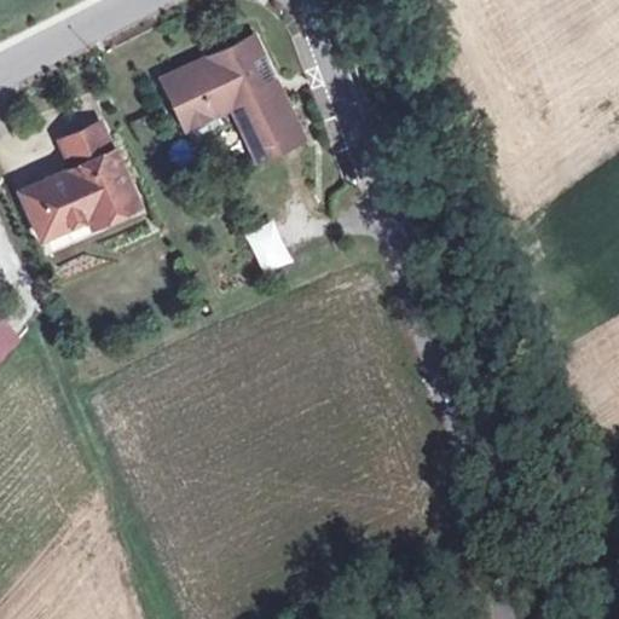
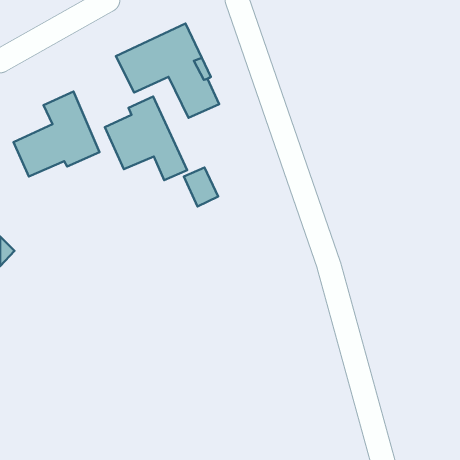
building: none -> [105,97,187,180]

